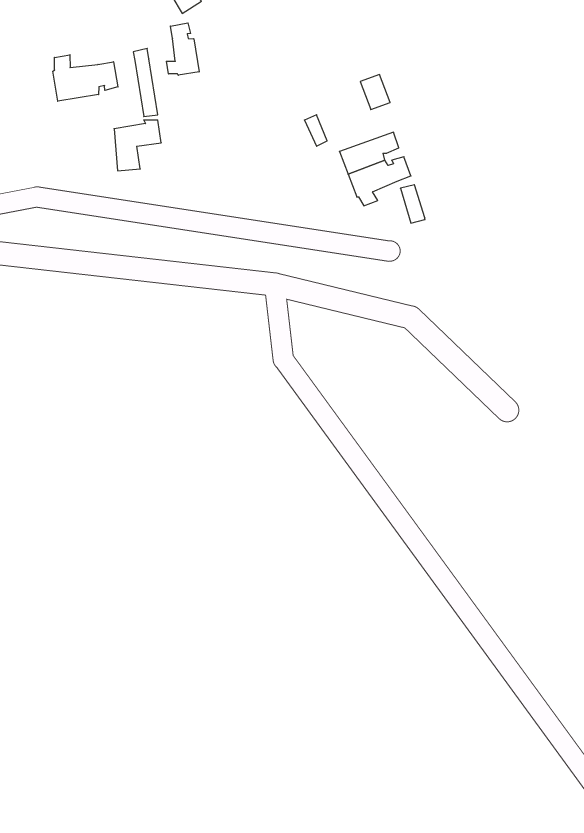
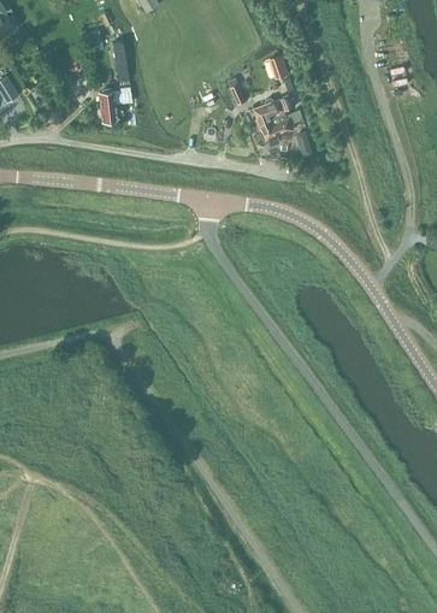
building: [166,23,199,75] -> none
building: [53,55,118,101] -> none

